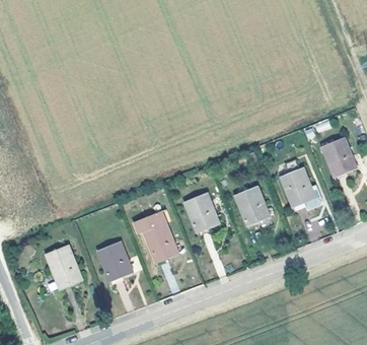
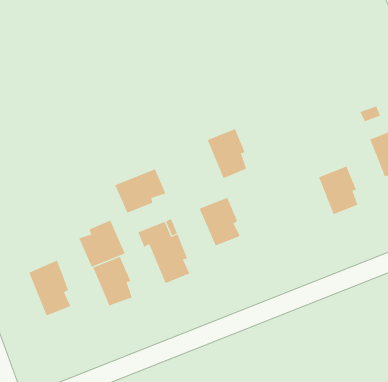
building: none -> [115,169,166,214]
building: [234,186,267,226] -> [207,129,247,179]
building: none -> [79,220,125,268]

